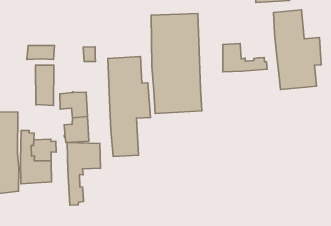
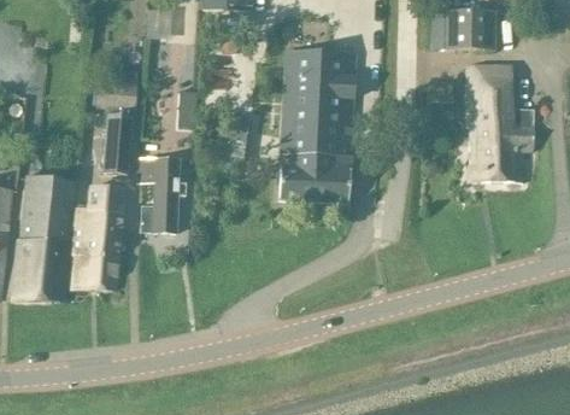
building: [223,44,267,72] -> none
building: [108,57,150,156] -> none
building: none -> [88,186,123,223]
building: [67,142,100,205] -> none

